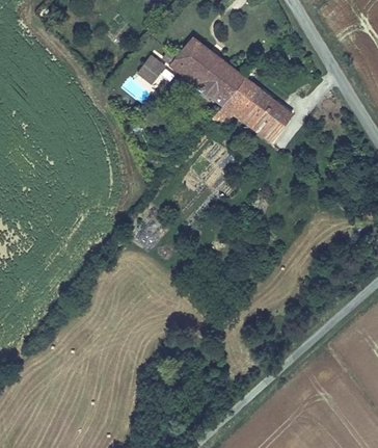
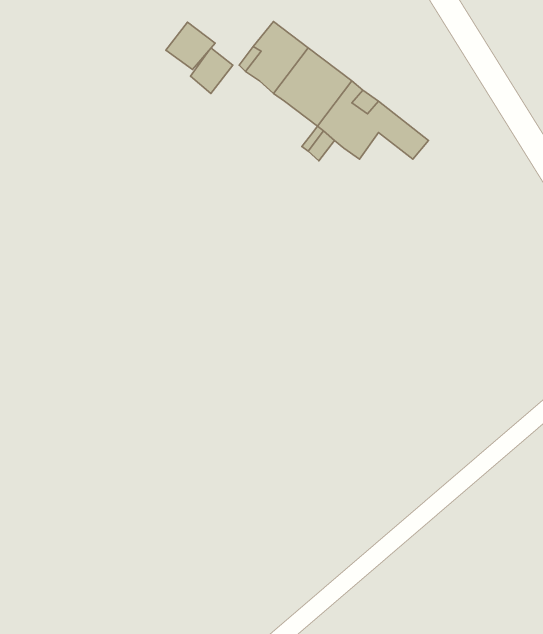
building: none -> [166,22,215,70]
building: [249,109,285,143] -> none

